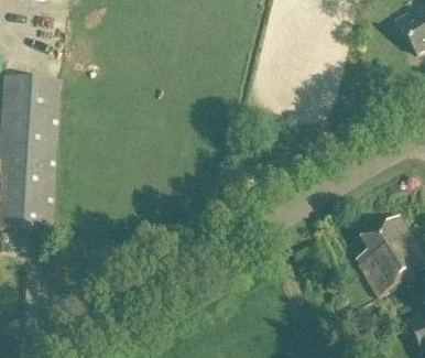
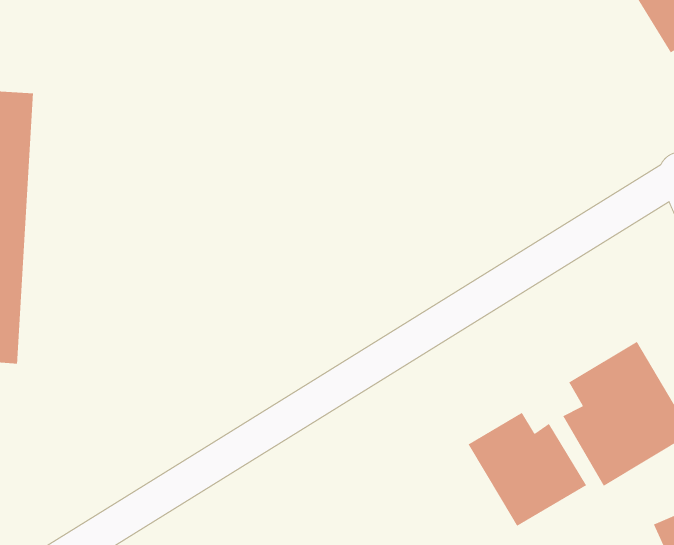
building: none -> [468,412,587,527]

